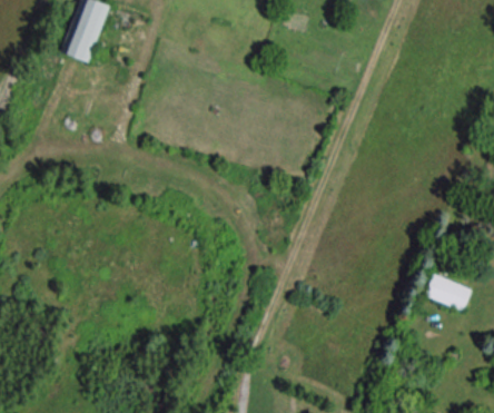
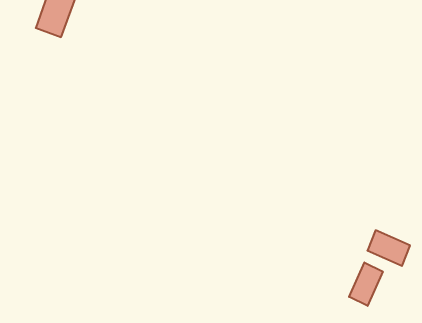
building: none -> [349,262,383,306]

